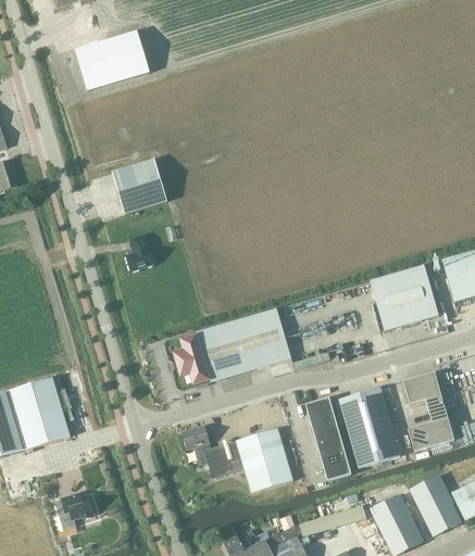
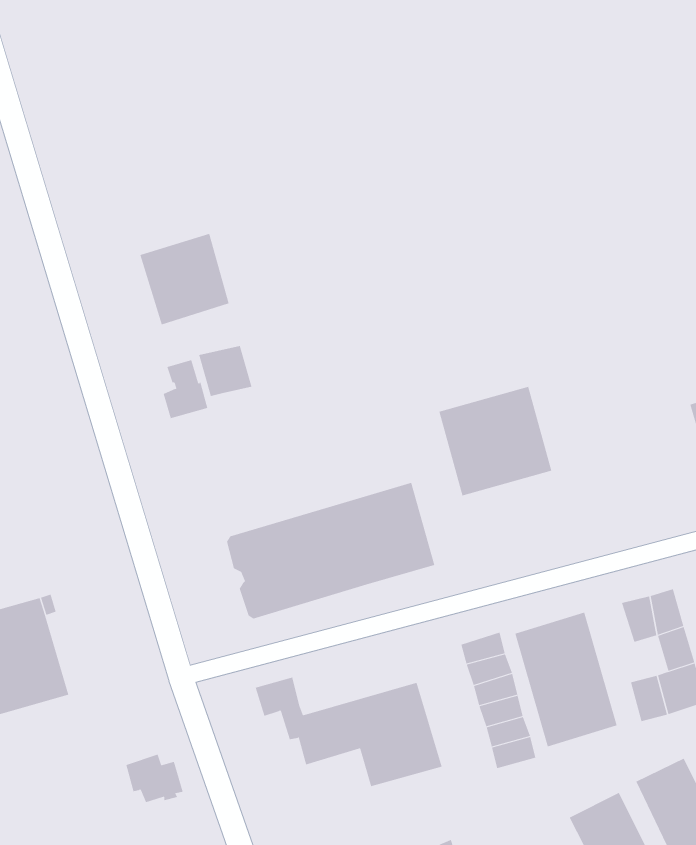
building: [74,30,149,90] -> none
building: none -> [198,345,252,397]
building: [370,265,438,331] -> [439,386,552,496]
building: [60,491,95,520] -> [126,754,183,803]

